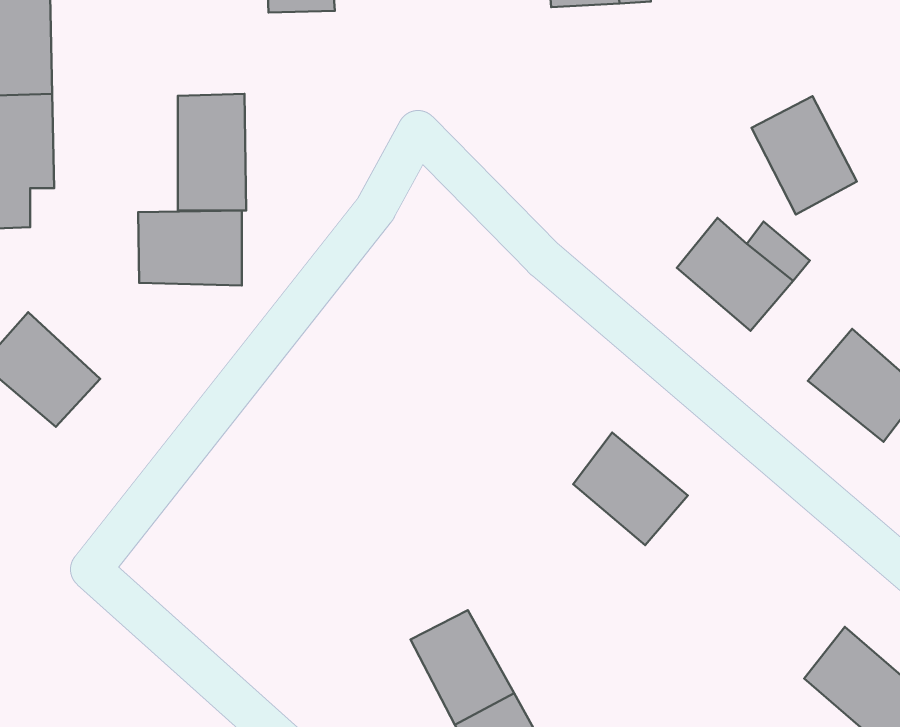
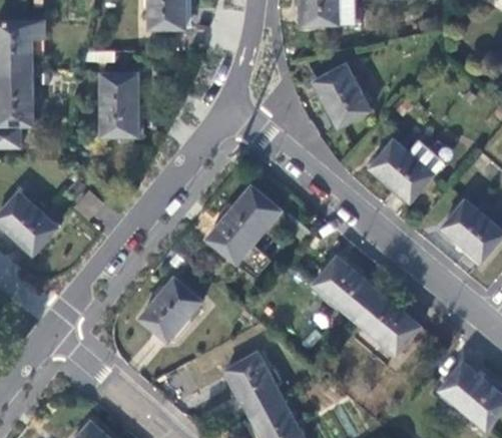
building: [752,96,857,215] -> [313,64,370,128]
building: [138,211,242,285] -> none
building: none -> [206,185,280,263]
building: none -> [138,278,200,341]
building: none -> [353,291,419,354]

